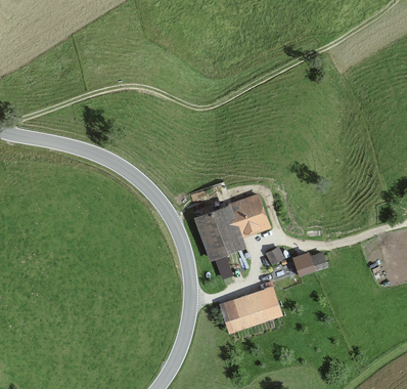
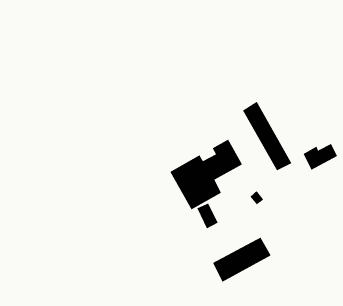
building: none -> [242,101,292,171]
building: [293,253,326,275] -> [303,143,338,171]

